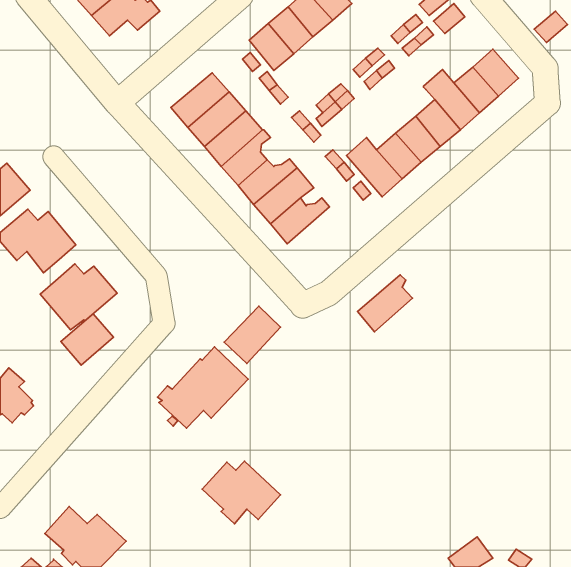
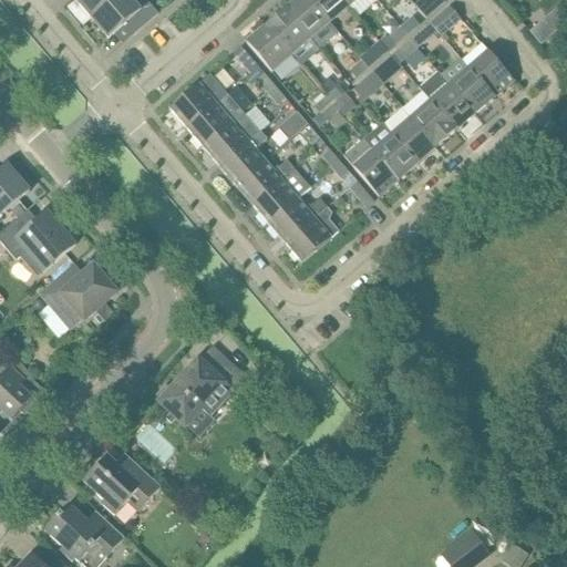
building: [358,275,412,332] -> [285,205,339,261]
building: [224,306,280,363] -> none
building: [61,314,114,365] -> none
building: [202,461,280,524] -> [83,452,161,514]

